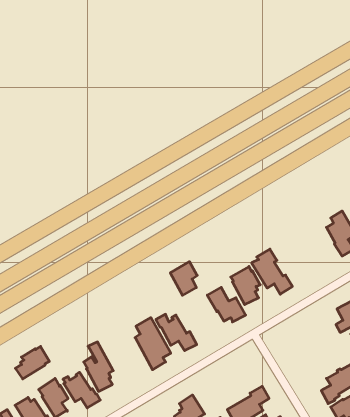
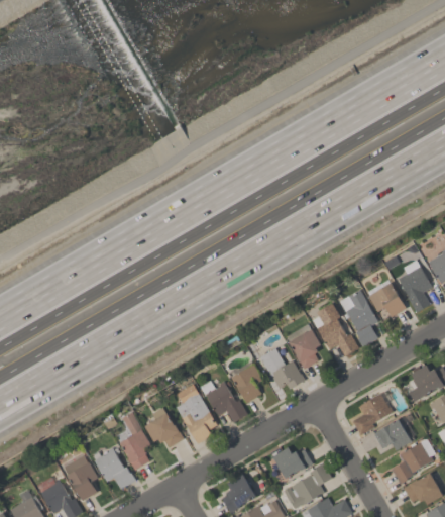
building: none -> [367,280,406,317]
building: none -> [339,290,377,346]
building: [170,262,197,295] -> [231,364,262,403]
building: none -> [352,393,393,435]
building: none -> [144,408,183,447]
building: [15,346,49,379] -> none
building: none -> [372,419,411,450]
building: none -> [272,447,312,479]

